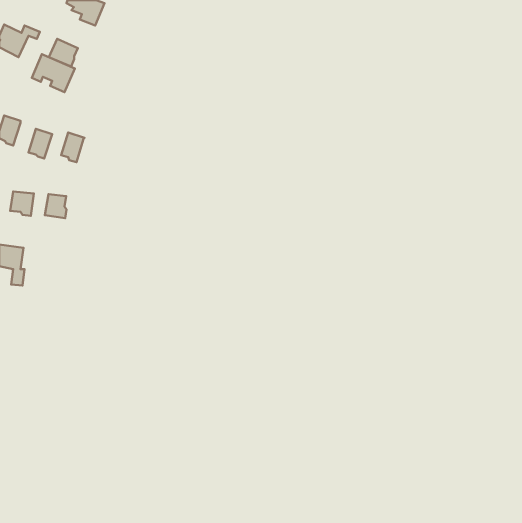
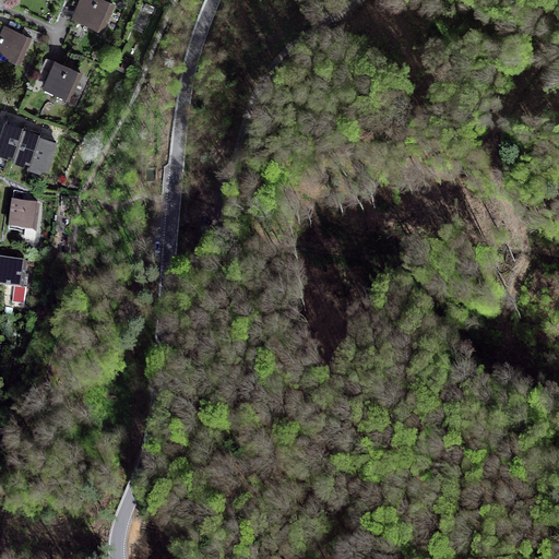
building: [49,39,78,66] -> none
building: [61,133,85,162] -> [14,131,39,163]
building: [45,194,66,218] -> none

